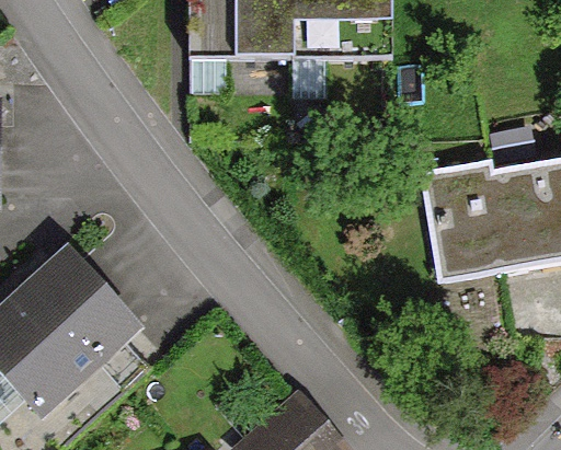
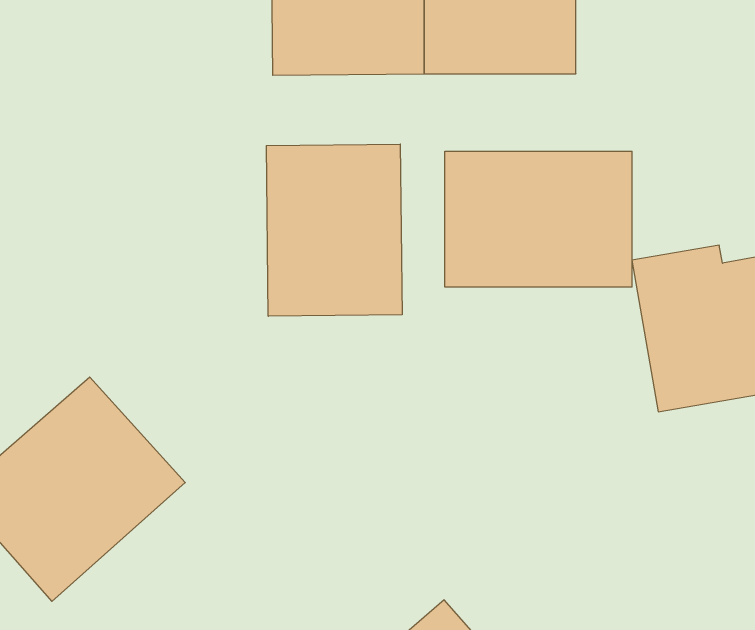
building: none -> [266,144,402,316]
building: none -> [445,151,632,287]

